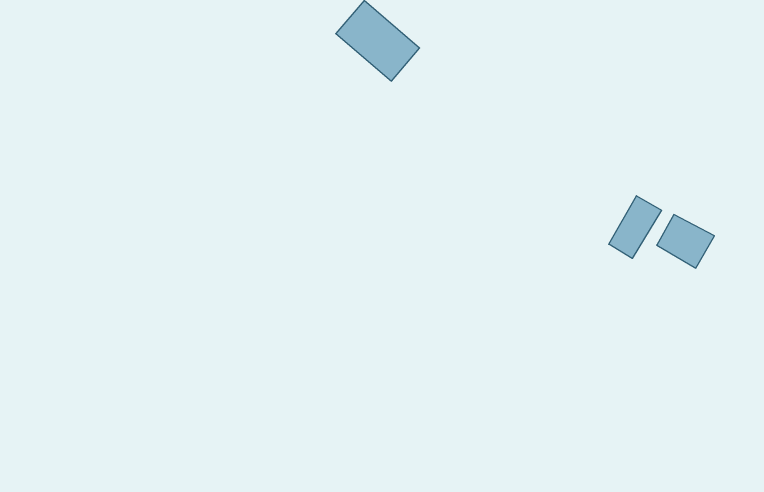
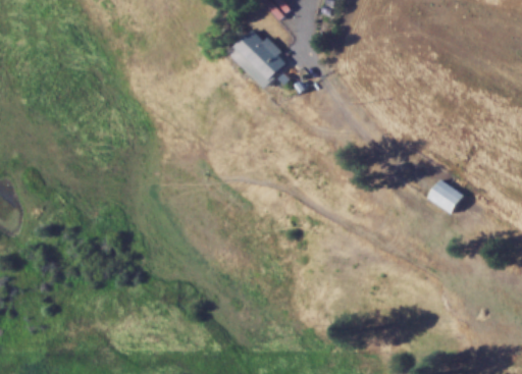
building: [609,196,662,258] -> none

